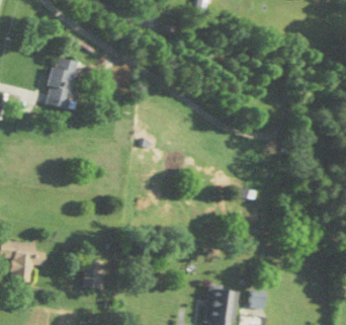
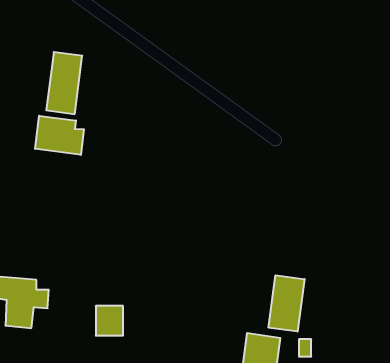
building: none -> [35,116,84,155]
building: none -> [269,275,305,332]

